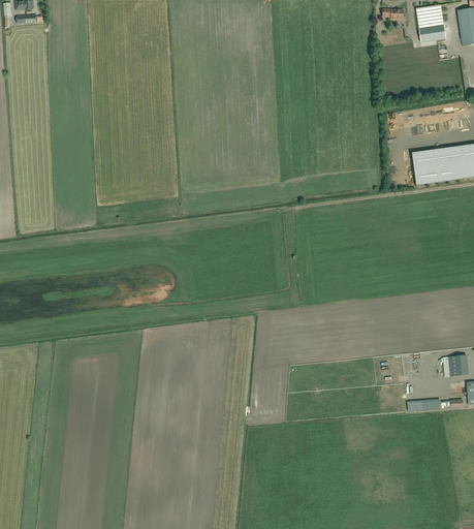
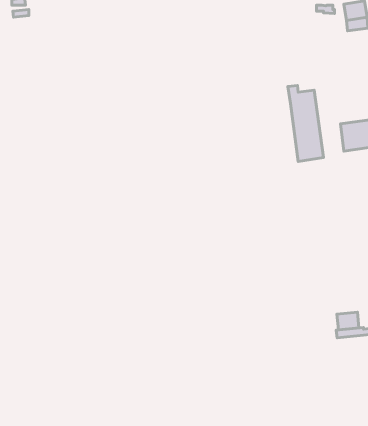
building: none -> [288,86,324,161]
building: none -> [337,312,359,330]

